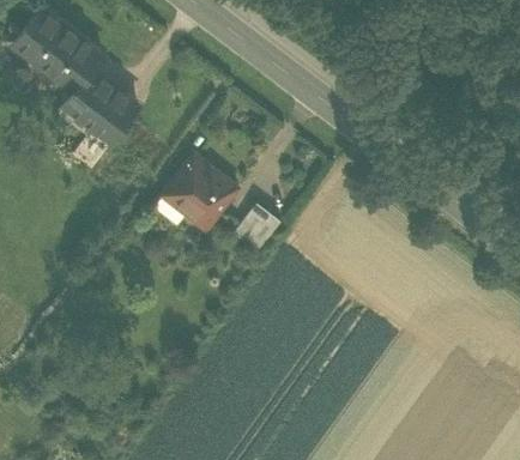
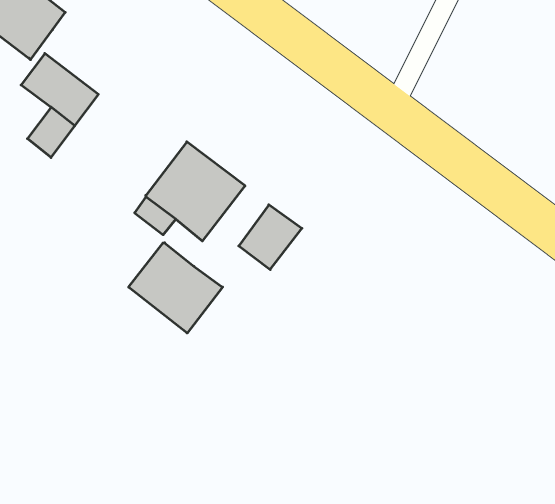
building: [61,69,137,119] -> none
building: none -> [129,243,223,333]

